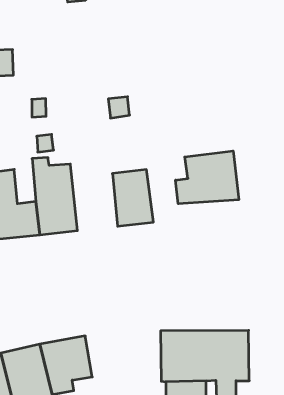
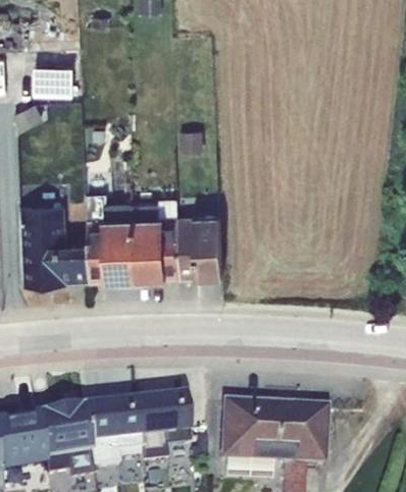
building: [176,151,239,204] -> none
building: none -> [130,193,180,275]
building: none -> [134,391,188,458]

